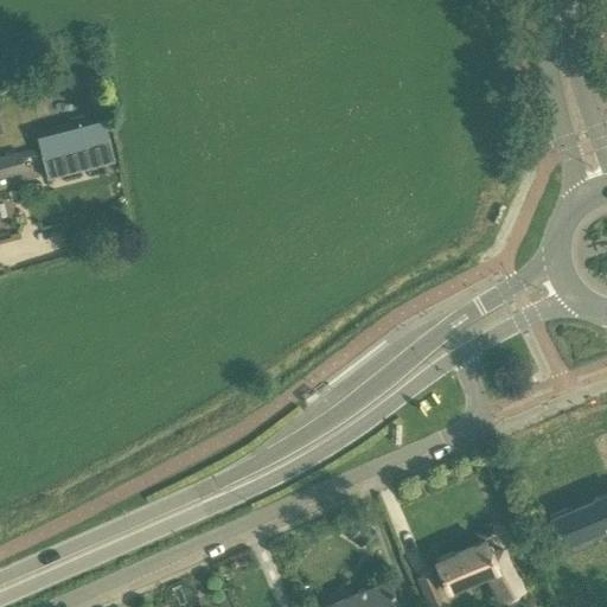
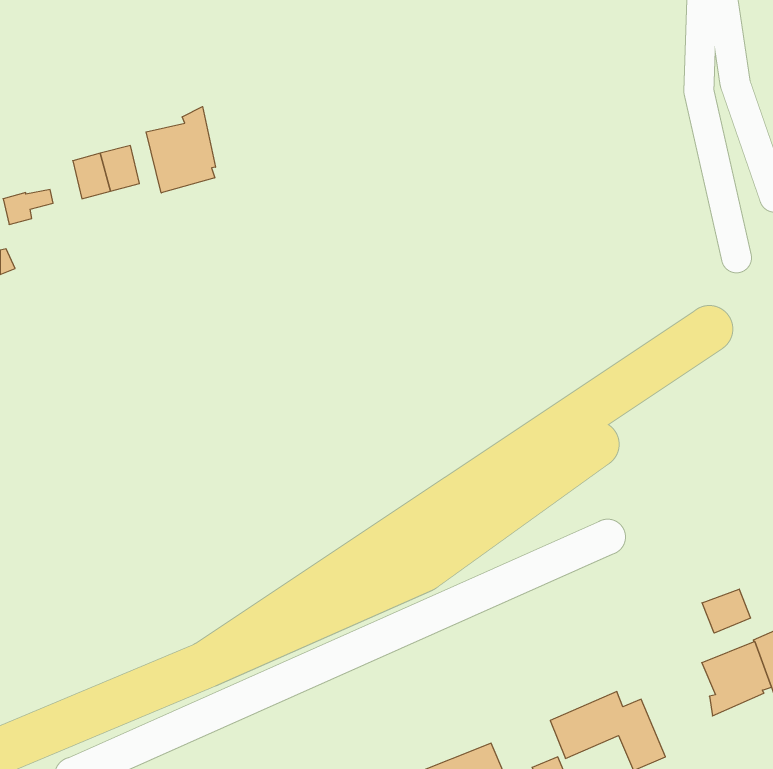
building: none -> [146,107,215,193]
building: [36,130,65,166] -> none
building: none -> [702,589,750,633]

